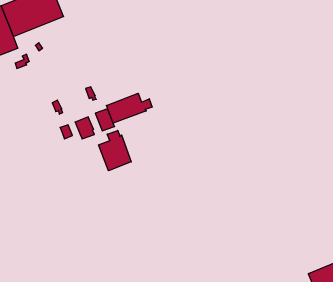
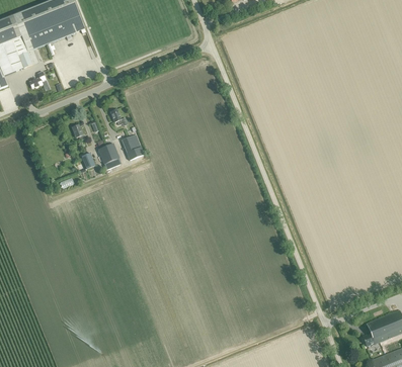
building: [106,93,152,123] -> none
building: [99,130,131,171] -> none

